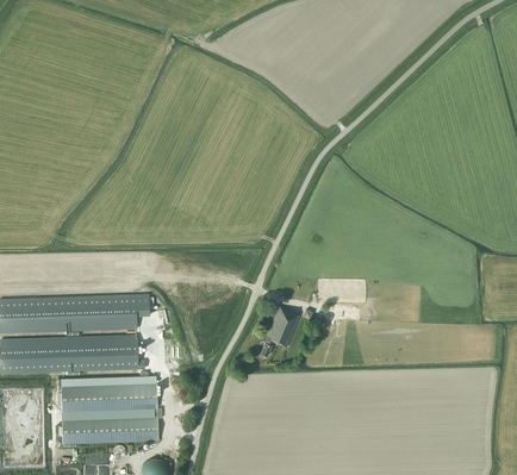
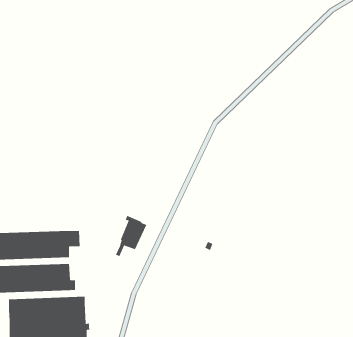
building: [261,305,300,356] -> [115,215,147,257]

